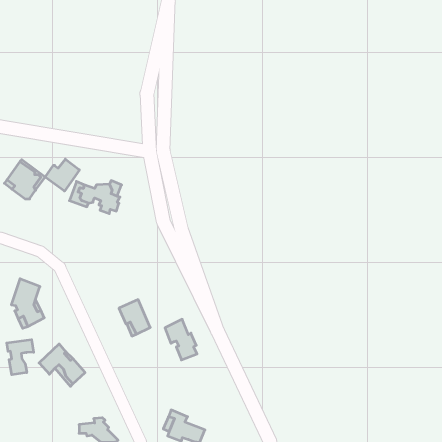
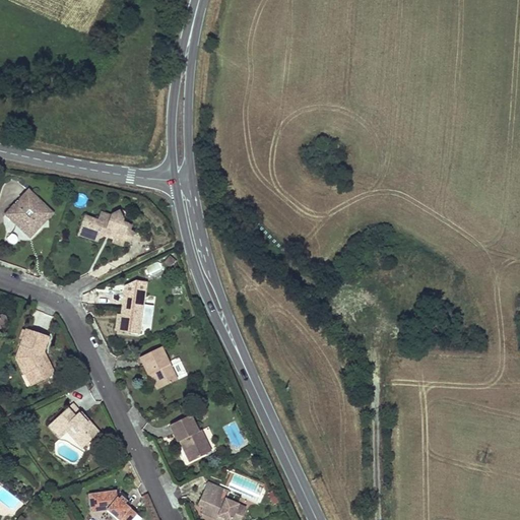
building: [45,159,79,191] -> none
building: none -> [119,284,145,337]
building: [165,319,197,360] -> [170,414,207,462]
building: [7,340,34,375] -> none

